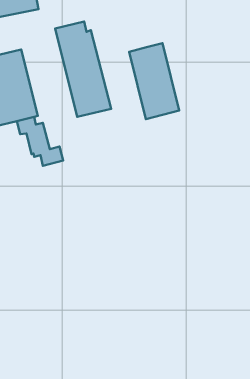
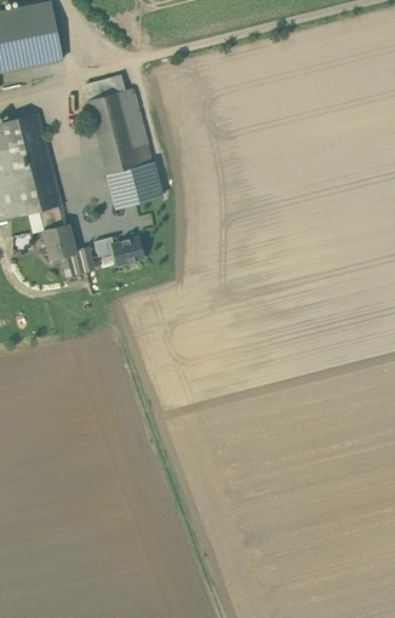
building: [129,43,179,119] -> none
building: none -> [110,236,144,265]

